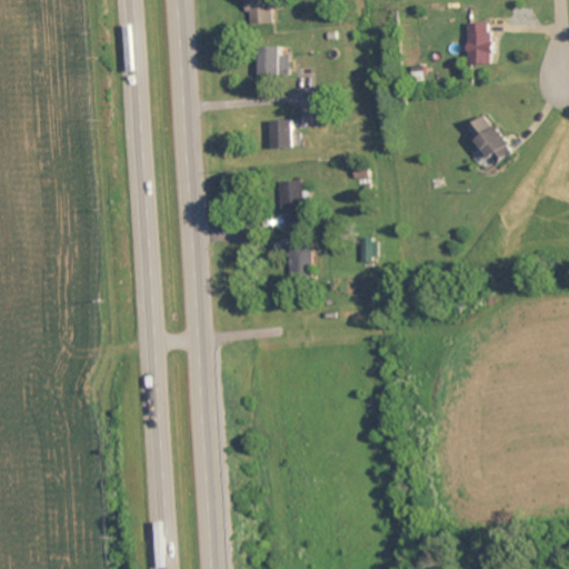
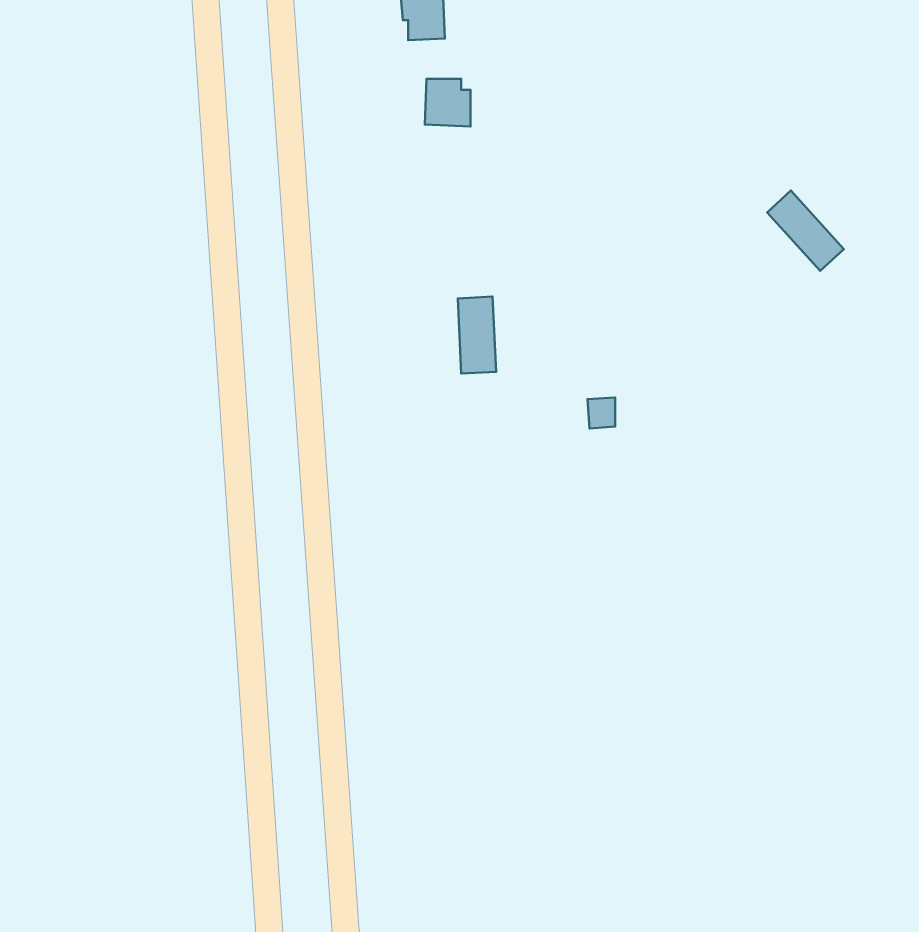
building: [466,22,489,63] -> none
building: [270,120,292,148] -> none
building: [287,244,309,274] -> none

